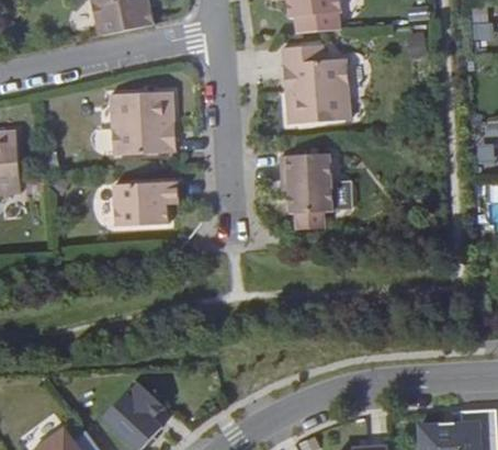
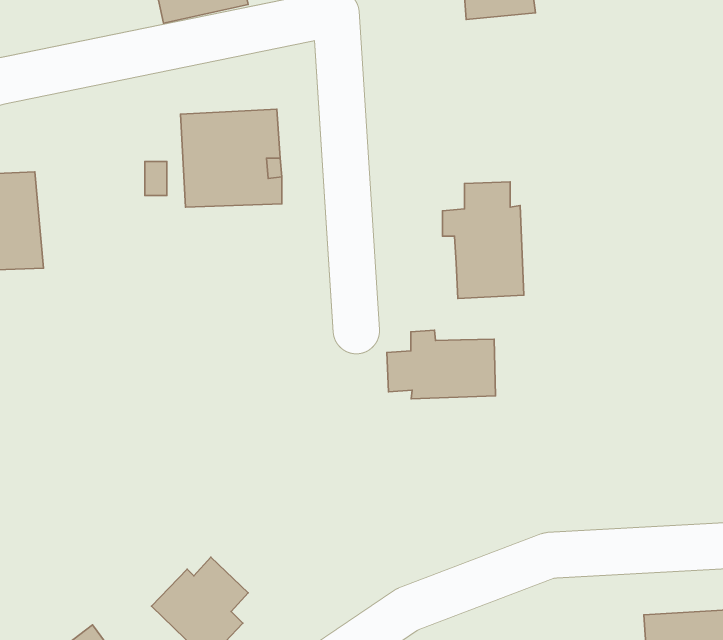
building: [288,46,358,127] -> none
building: [121,185,185,229] -> none
building: none -> [387,330,495,399]

